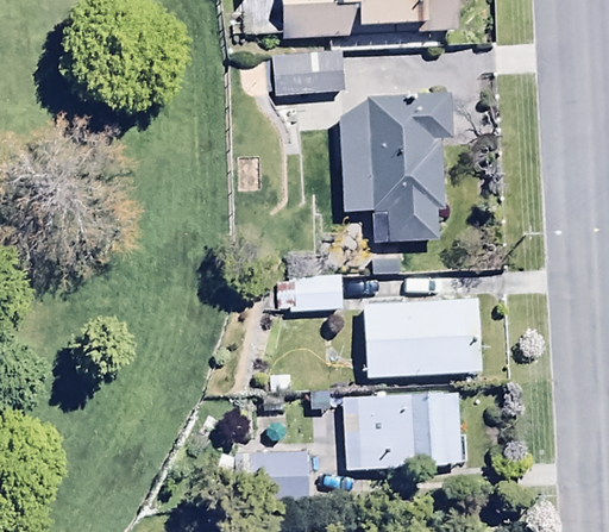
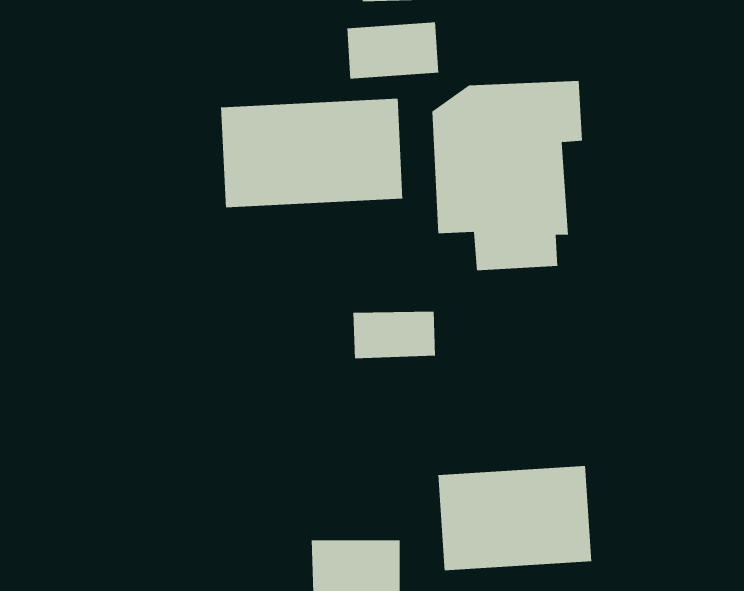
building: none -> [221,98,403,208]
building: [364,299,482,380] -> none

